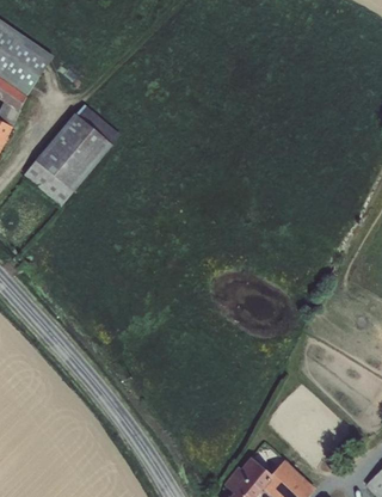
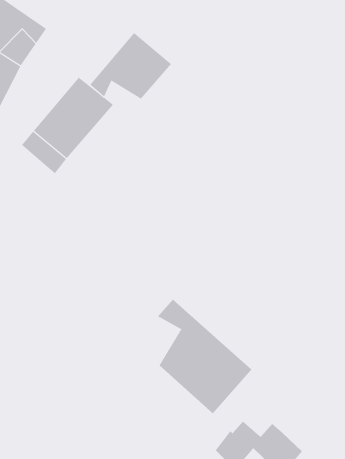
building: none -> [90,32,172,100]
building: none -> [157,299,252,414]

